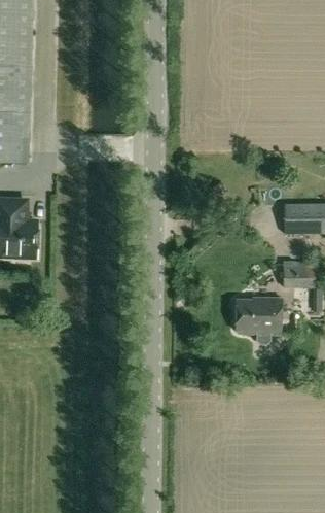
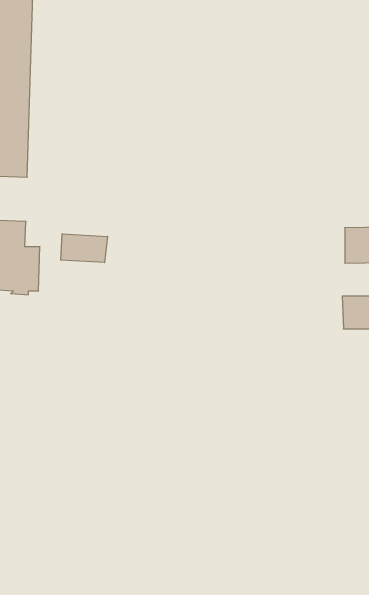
building: none -> [61,234,107,263]
building: [233,296,281,342] -> none

